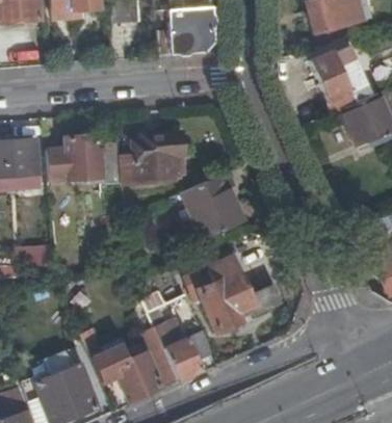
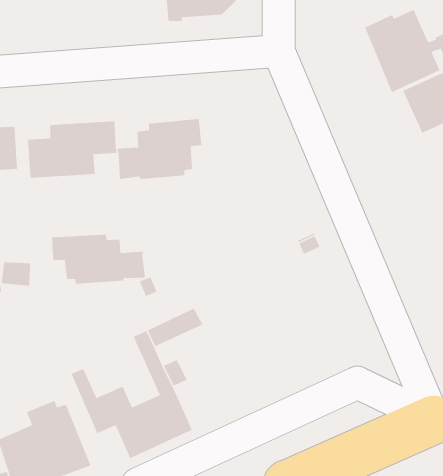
building: [180,173,244,242] -> none
building: none -> [51,234,146,284]
building: [195,257,281,331] -> none
building: [164,331,212,379] -> none

